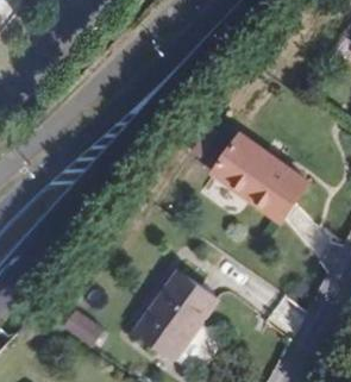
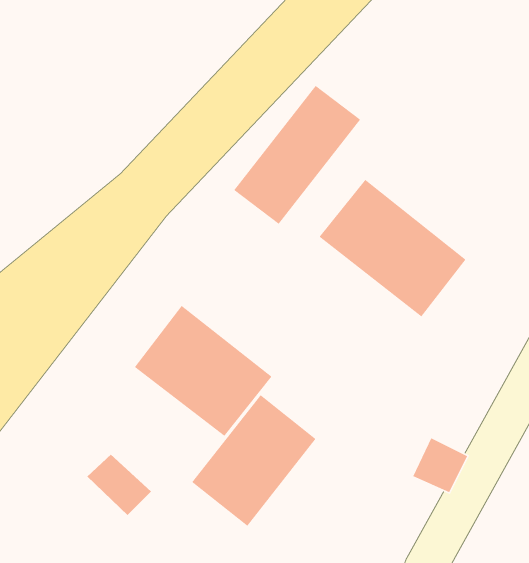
building: none -> [233,85,361,225]
building: none -> [134,305,273,437]

